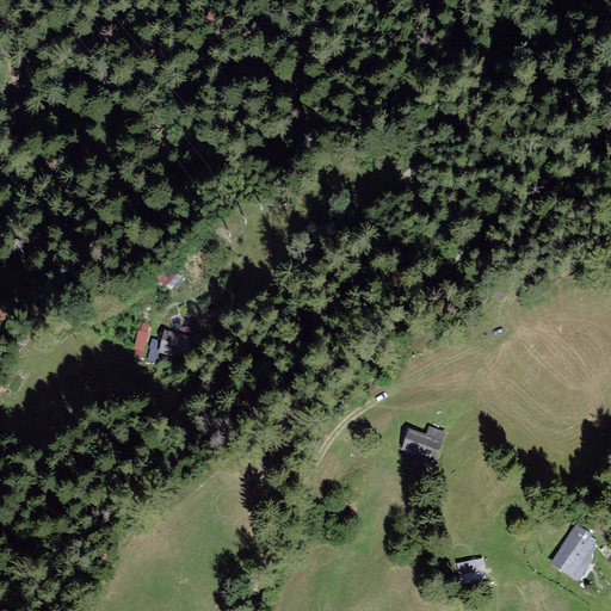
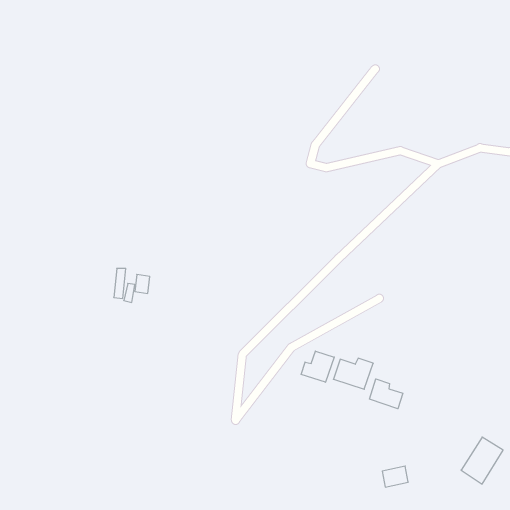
building: none -> [301,351,334,382]
building: none -> [369,379,403,409]

